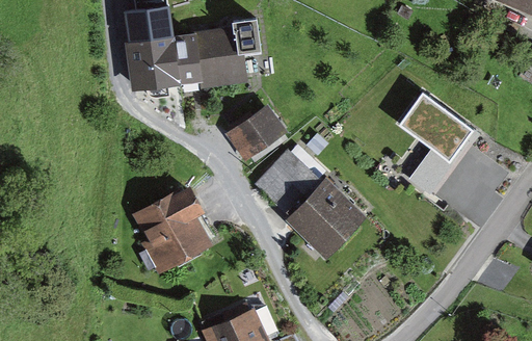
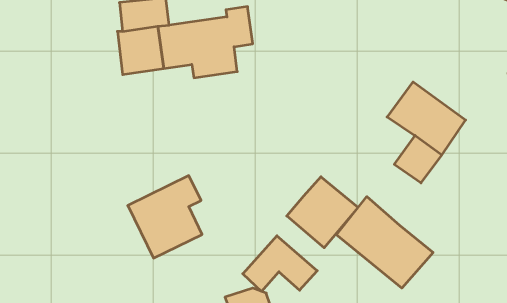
building: [227,107,283,158] -> none
building: [254,151,328,207] -> [243,236,317,291]
building: none -> [336,197,433,288]

